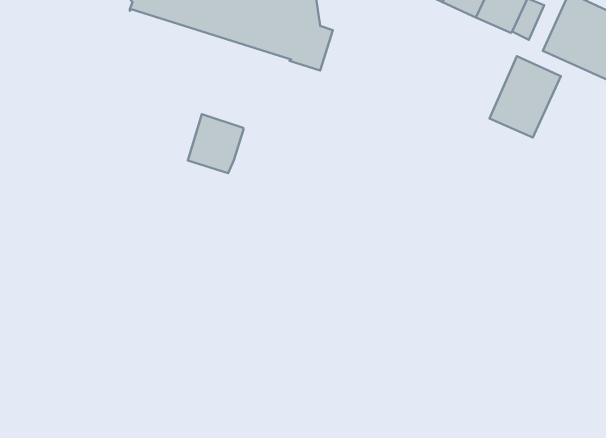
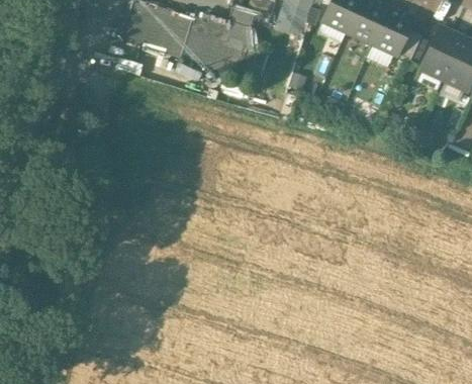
building: [490,56,561,138] -> none
building: [188,114,244,173] -> none

